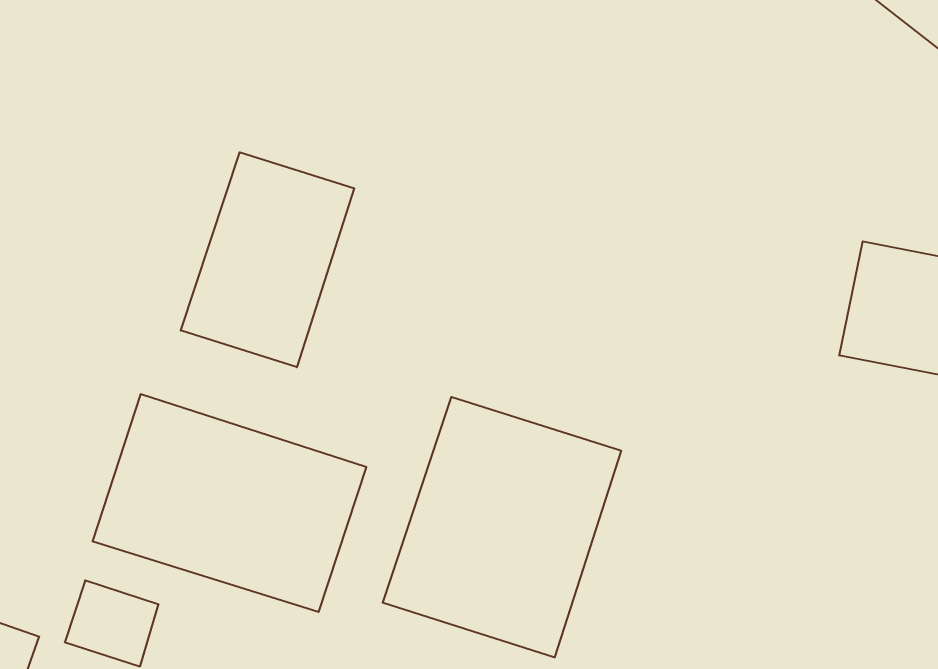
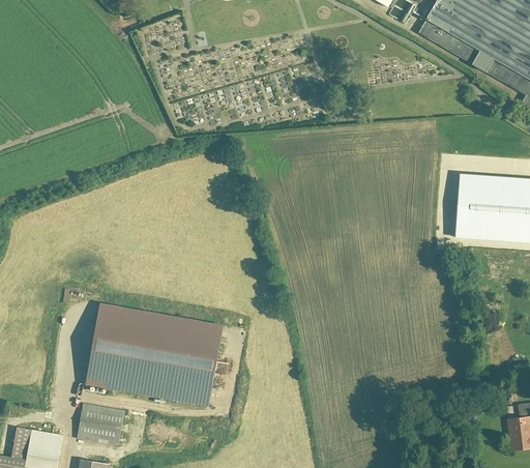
building: [181,152,354,367] -> none
building: [383,397,621,657] -> none

